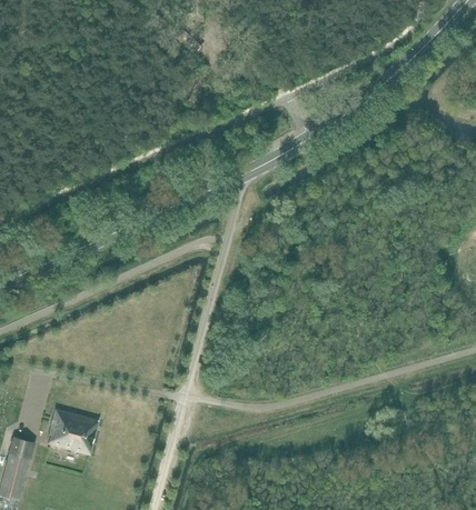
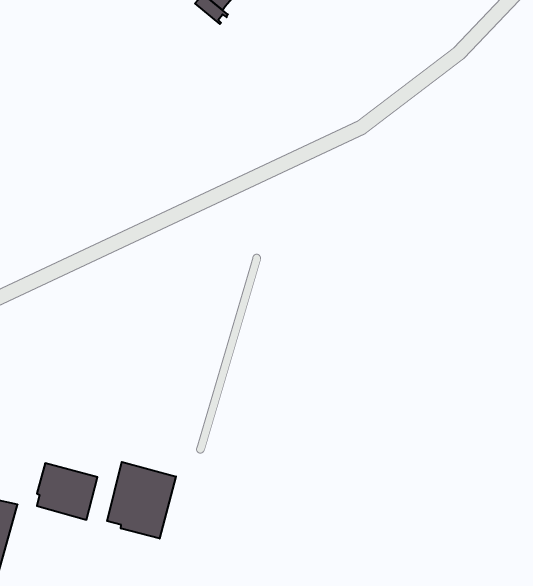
building: none -> [107,462,176,539]

